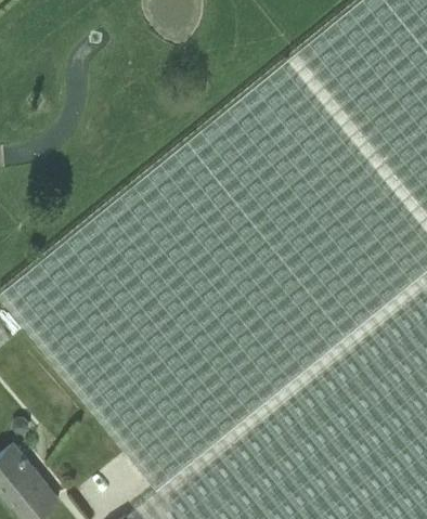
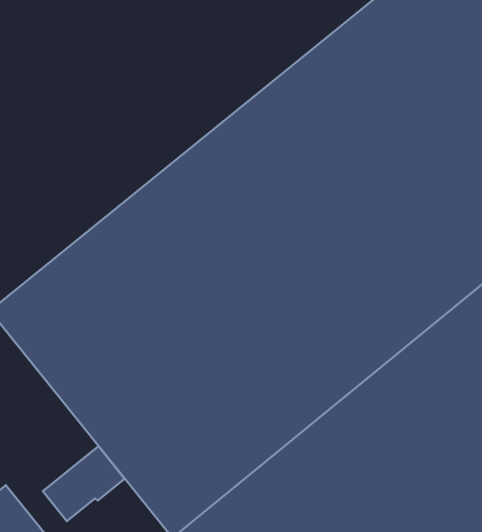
building: none -> [43,446,124,521]

